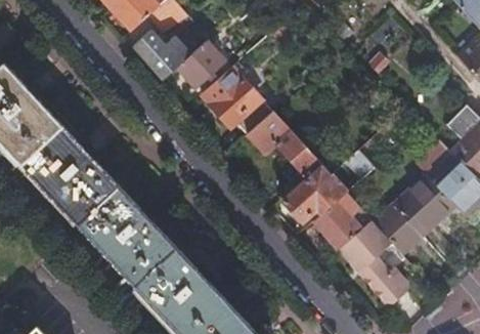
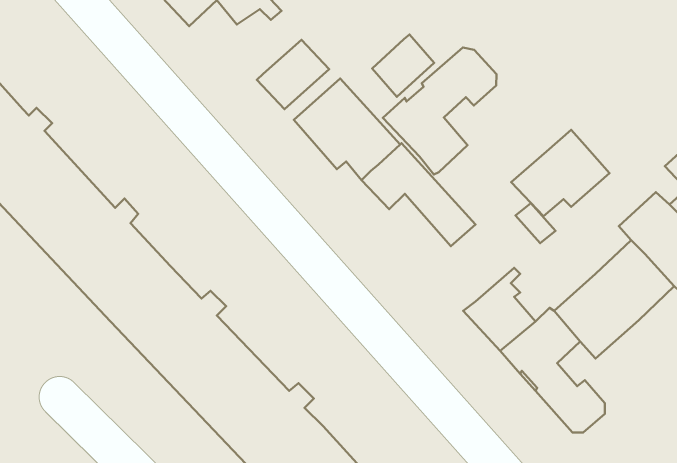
building: [134,32,181,80] -> none
building: none -> [372,35,434,97]
building: none -> [383,47,496,174]
building: [282,164,348,221] -> [511,130,610,216]

